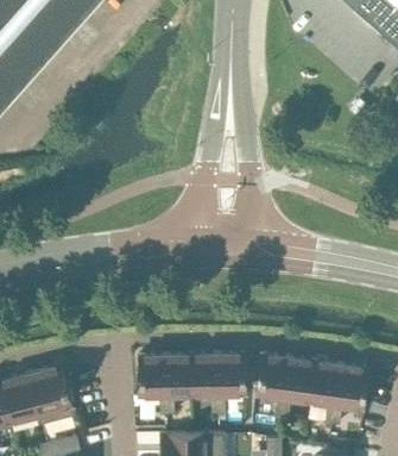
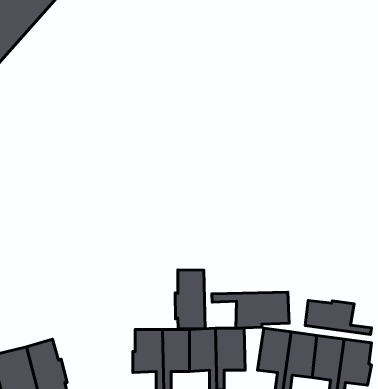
building: none -> [175,270,205,329]
building: none -> [212,292,289,328]
building: none -> [305,300,371,335]

